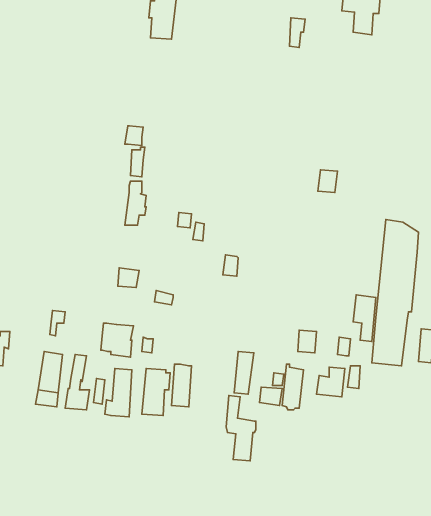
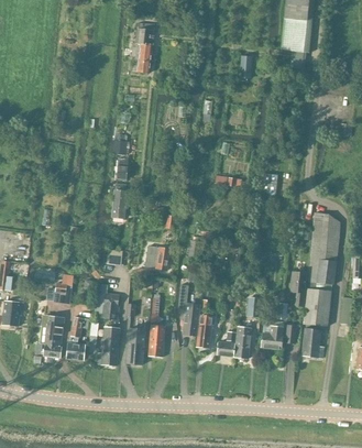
building: none -> [144,244,173,269]
building: none -> [303,328,325,358]
building: [226,395,256,461] -> [177,284,200,335]

